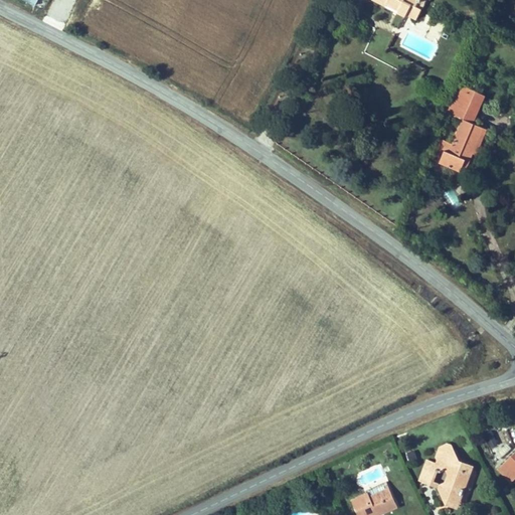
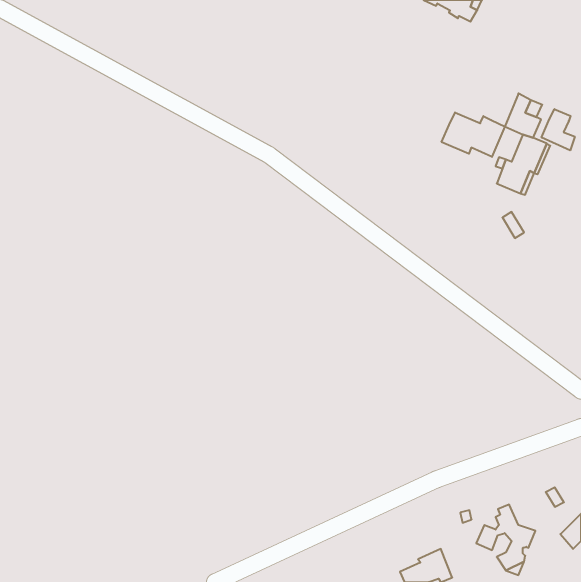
building: none -> [542,109,575,150]
building: none -> [442,112,505,157]

